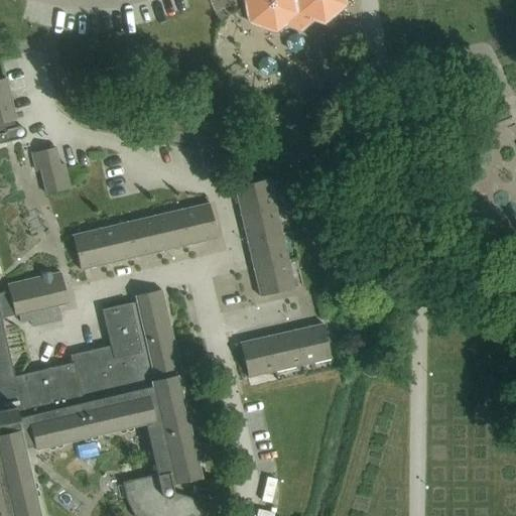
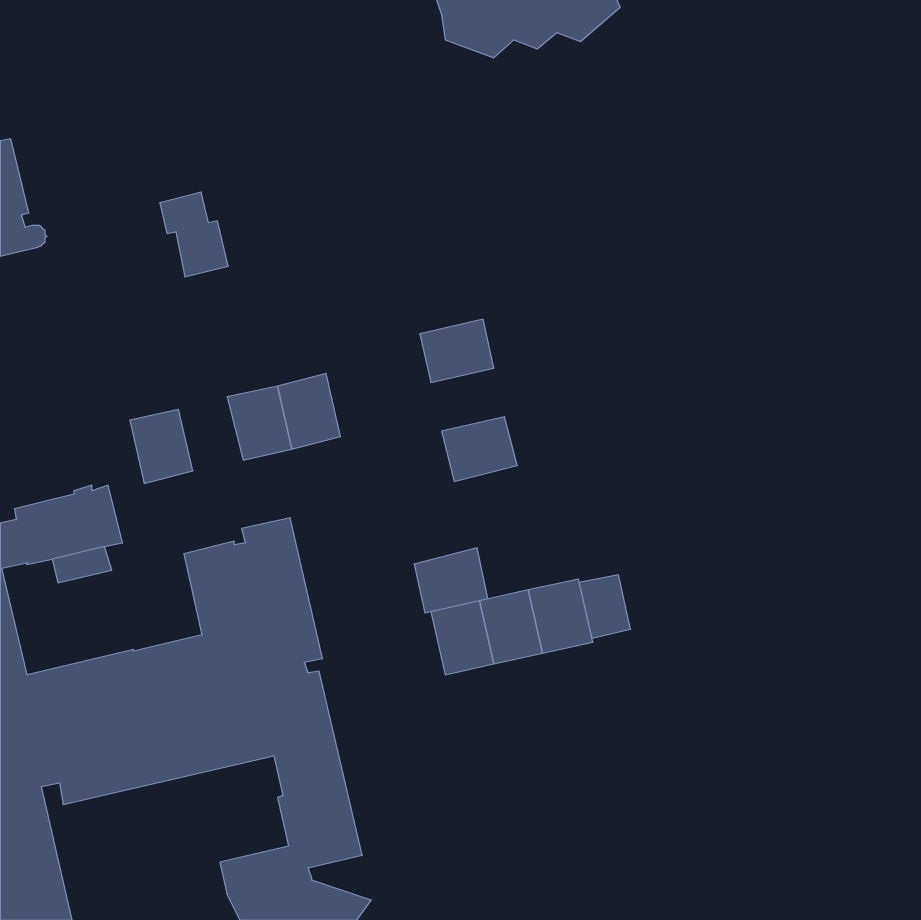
building: [32,147,71,195] -> [160,192,228,277]
building: [182,203,218,244] -> none
building: [241,206,282,241] -> none
building: [100,222,136,263] -> none
building: [254,260,295,296] -> [414,548,488,613]
building: none -> [579,575,630,639]

